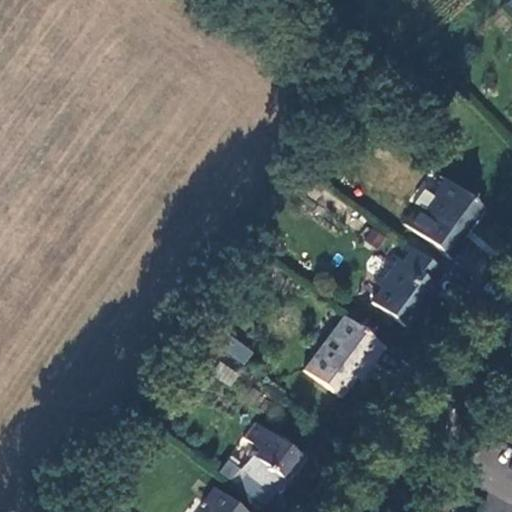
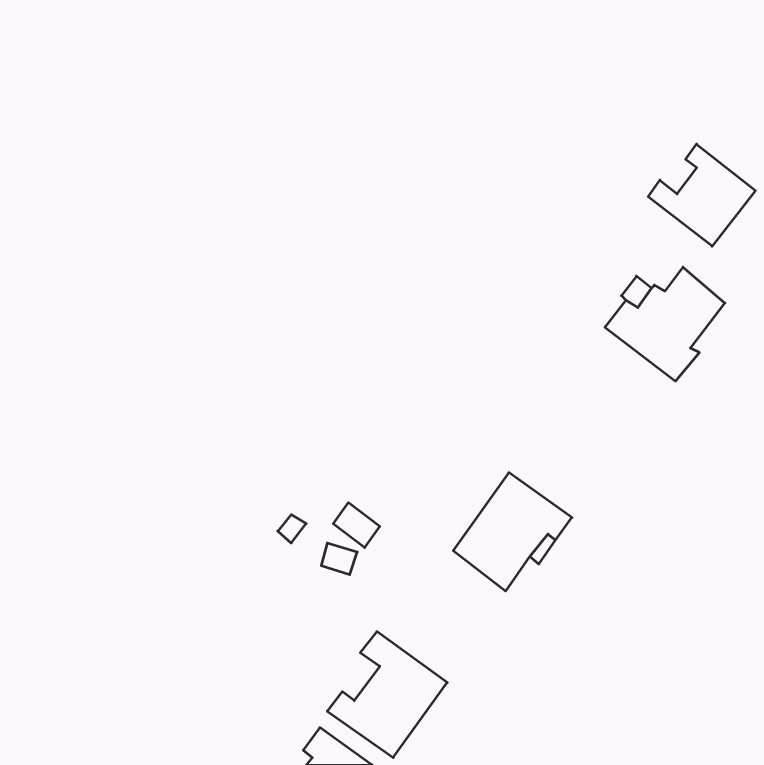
building: none -> [648,144,755,246]
building: [371,248,441,322] -> none

